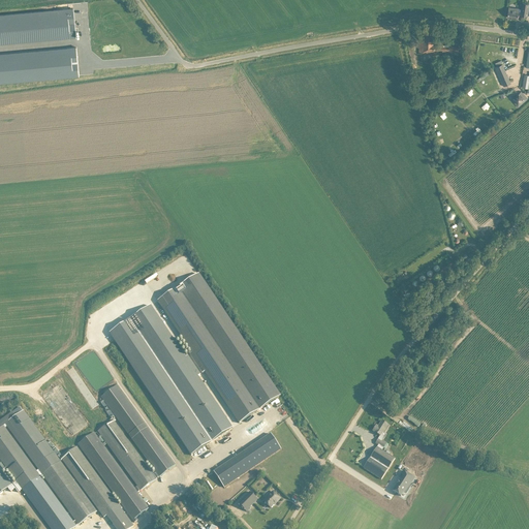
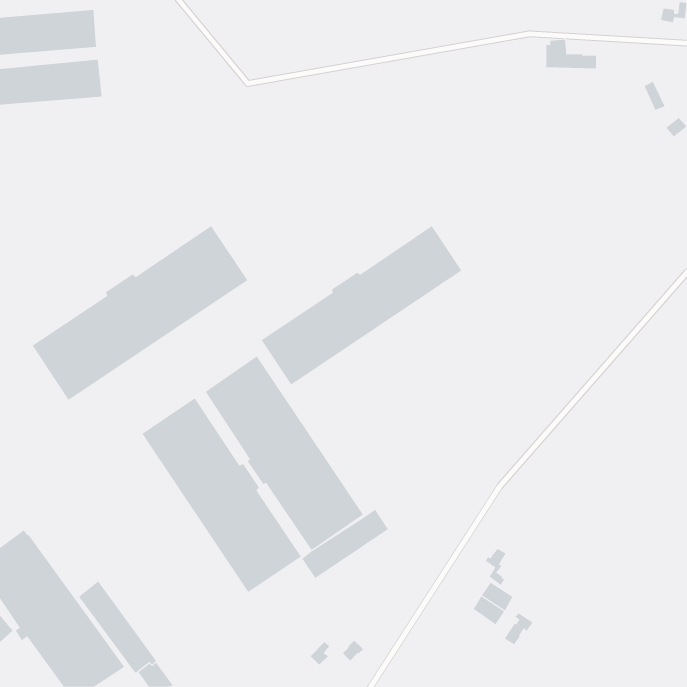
building: none -> [32,225,248,401]
building: none -> [261,225,462,385]
building: [76,384,174,522] -> none
building: [213,433,280,487] -> [301,509,389,579]

